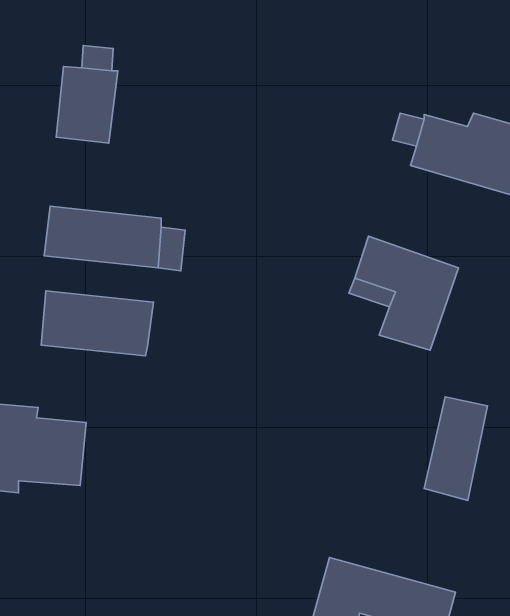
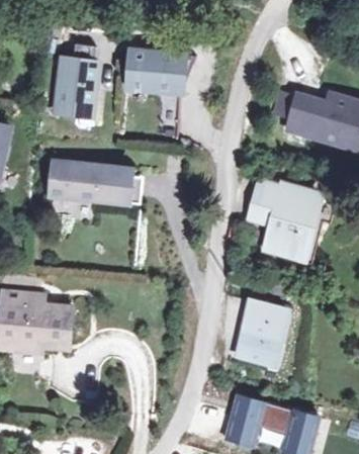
building: none -> [126,53,196,100]
building: [41,291,153,356] -> none
building: [424,397,487,501] -> [239,295,281,365]

